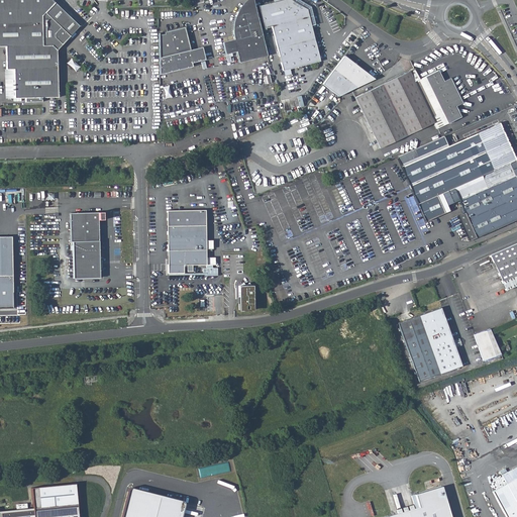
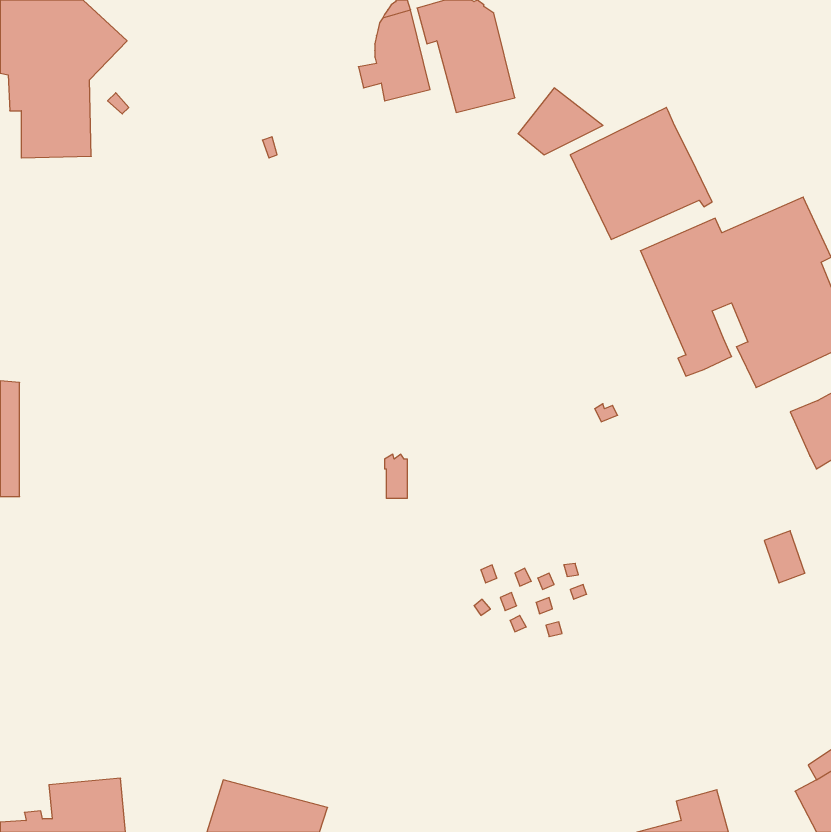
building: [159,26,206,74] -> none
building: [419,69,462,125] -> none
building: [168,210,207,274] -> none
building: [71,212,102,279] -> none
building: [399,308,462,382] -> none

